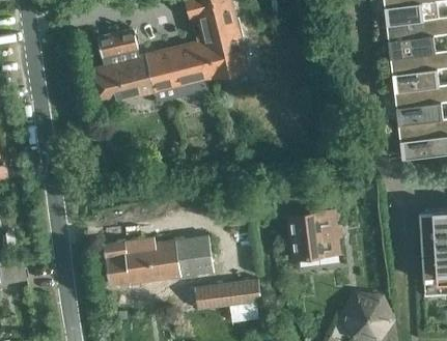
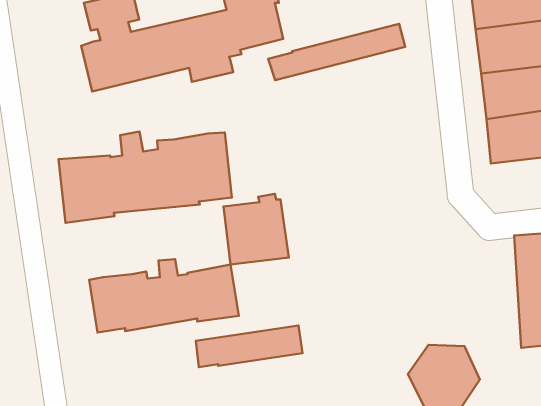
building: none -> [268,24,405,80]
building: none -> [59,131,232,223]
building: [292,204,341,257] -> [224,194,289,265]

